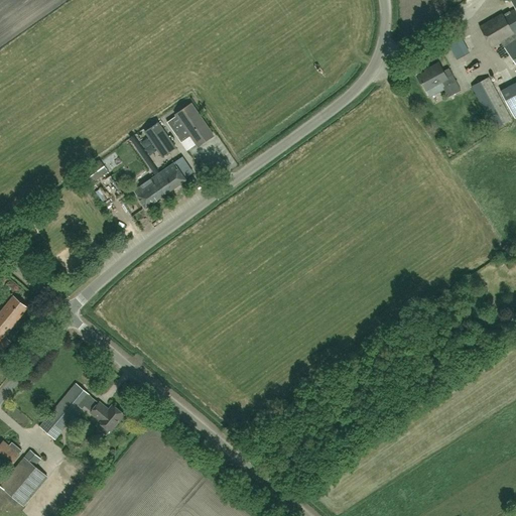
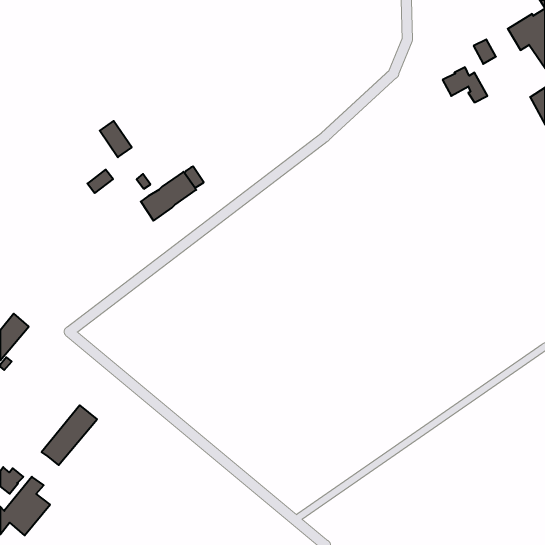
building: [472,78,511,129] -> none
building: [167,103,214,146] -> none
building: [146,122,176,156] -> [100,121,132,157]
building: [91,402,124,431] -> none

